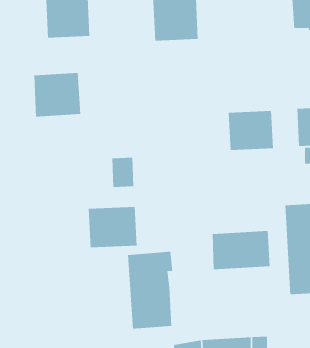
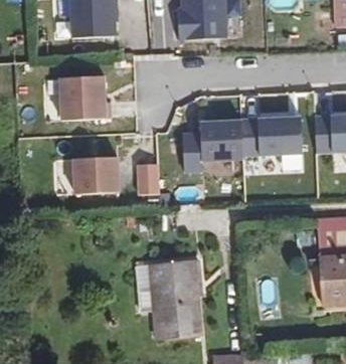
building: none -> [197,117,260,160]
building: [88,207,138,248] -> [70,156,122,198]
building: [212,230,270,270] -> none

